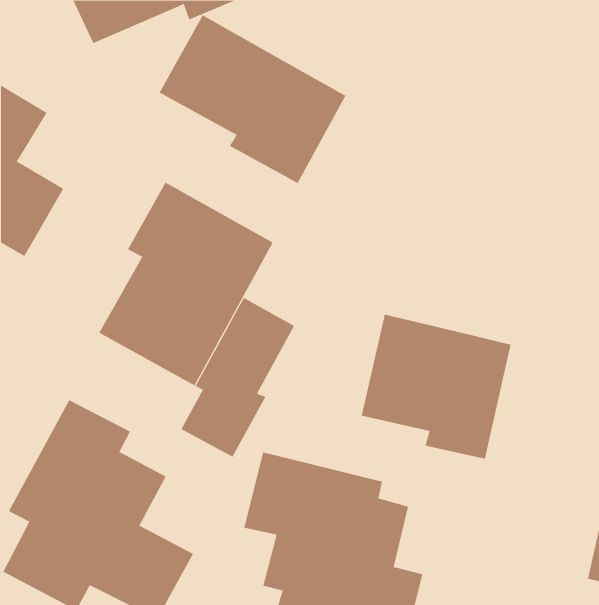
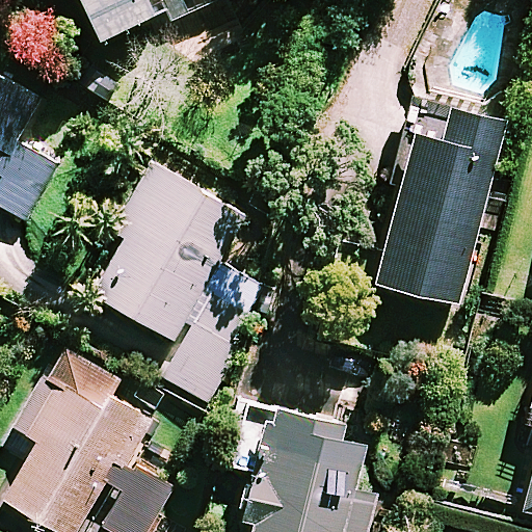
building: [159,15,346,184] -> none
building: none -> [374,102,503,302]
building: [361,314,511,460] -> none

